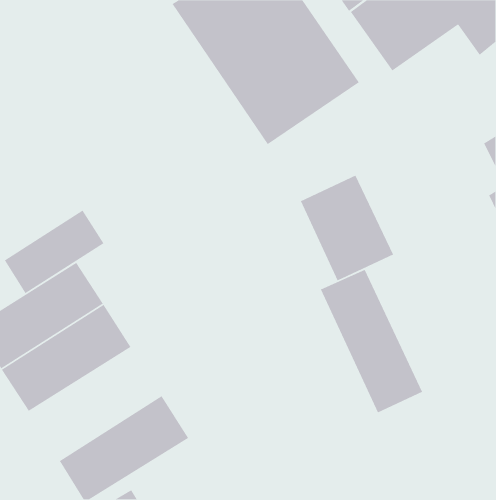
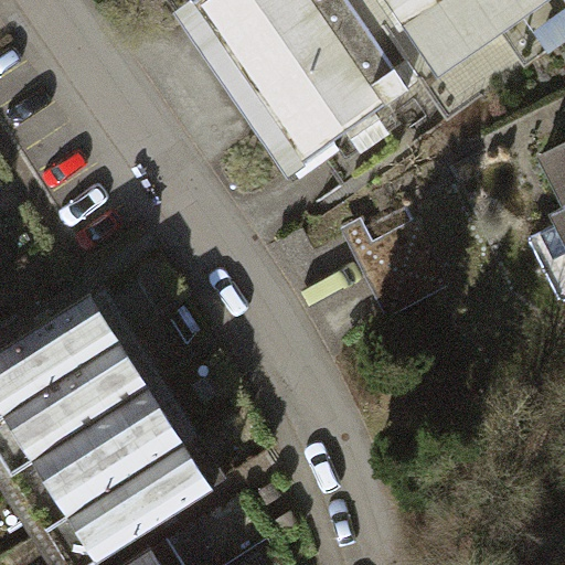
building: [4,209,104,294] -> none
building: [320,269,423,413] -> none
building: none -> [32,391,182,519]

